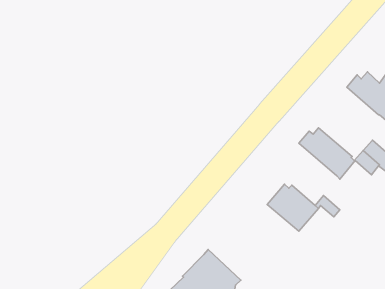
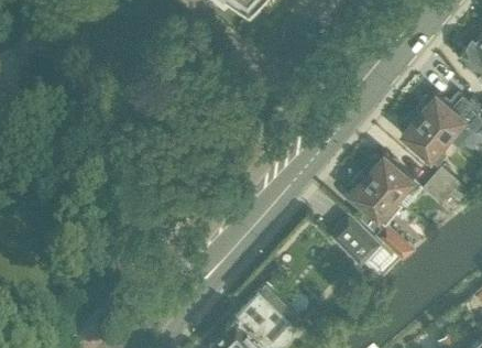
building: none -> [402,112,449,167]
building: none -> [350,173,404,228]

